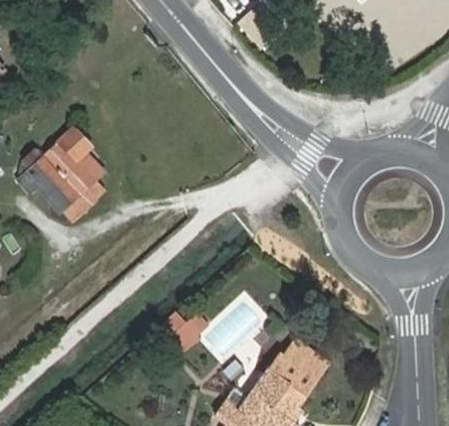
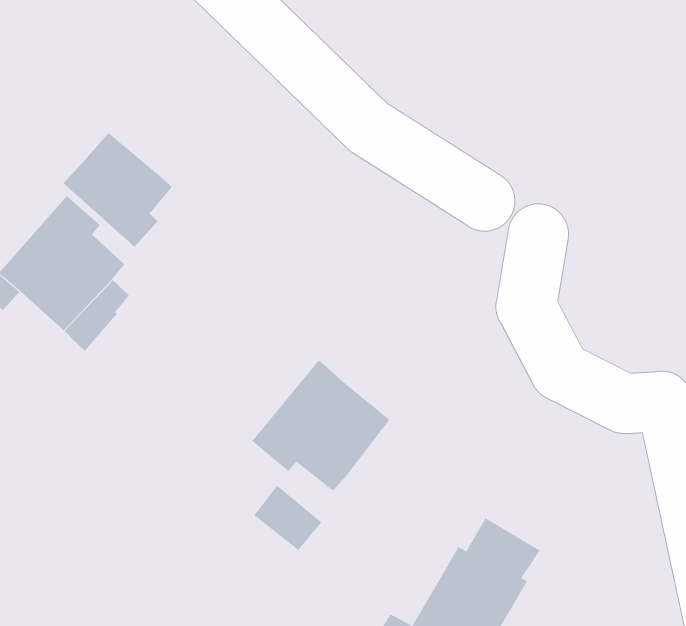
building: none -> [62,132,172,247]
building: none -> [251,360,390,492]

